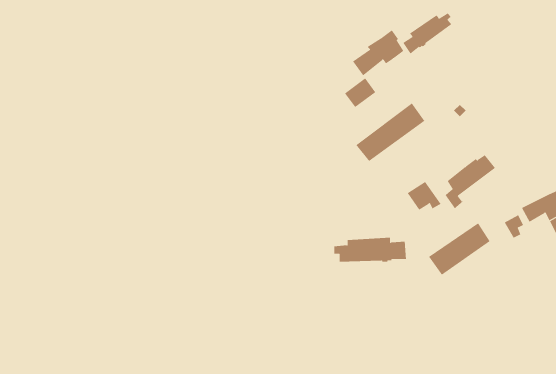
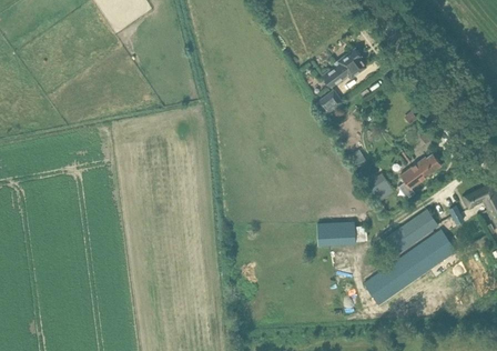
building: [402,12,452,54] -> none
building: [356,102,425,162] -> none
building: none -> [364,229,456,304]

